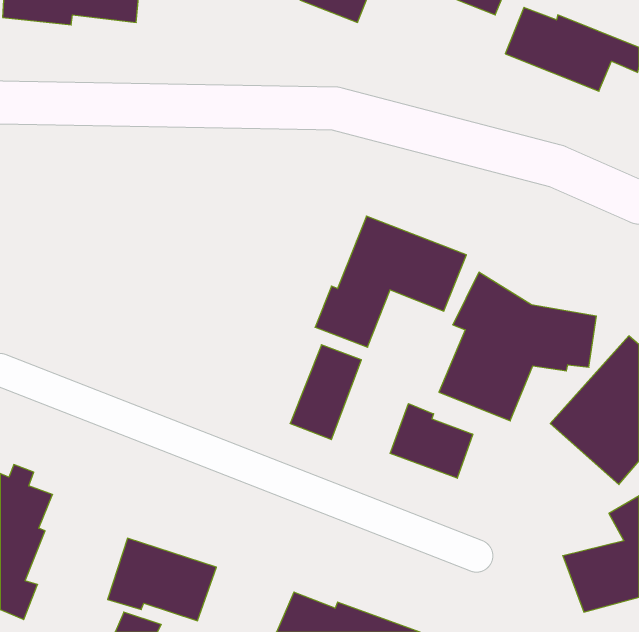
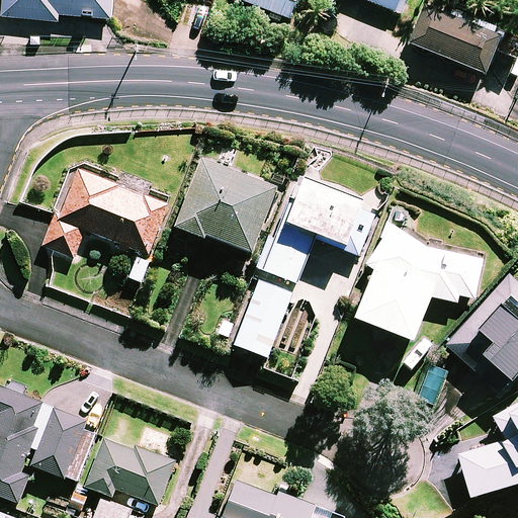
building: none -> [176,159,277,253]
building: none -> [44,167,169,257]
building: [390,404,473,478] -> none
building: none -> [32,408,96,481]

